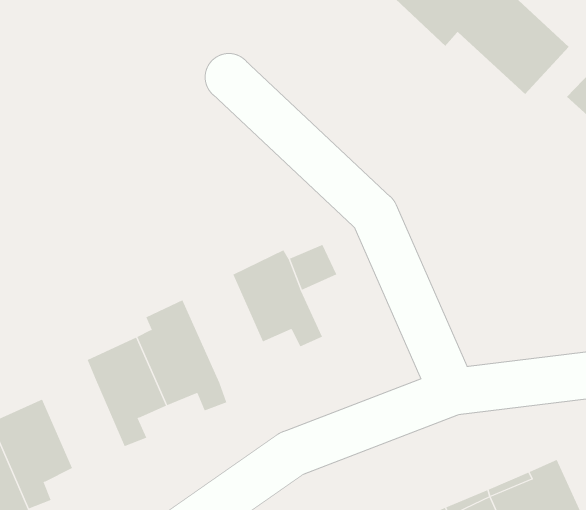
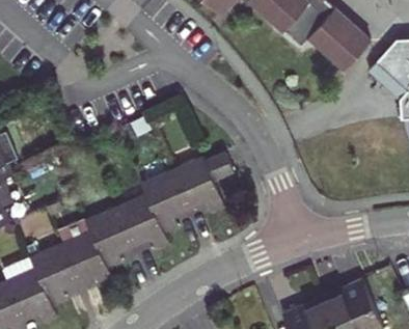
building: none -> [142,174,190,238]
building: none -> [61,235,114,292]

